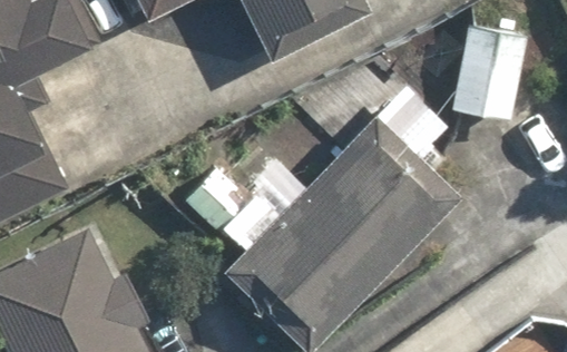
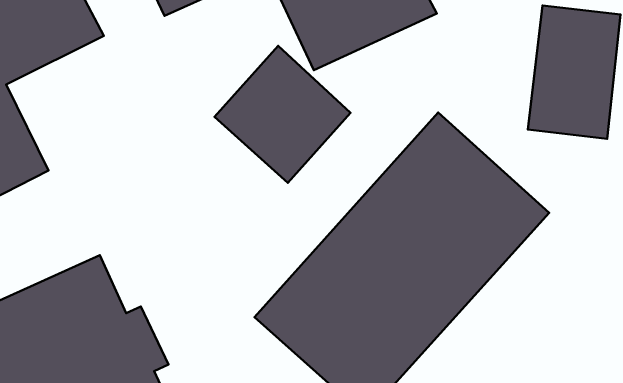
building: none -> [214,46,351,183]

